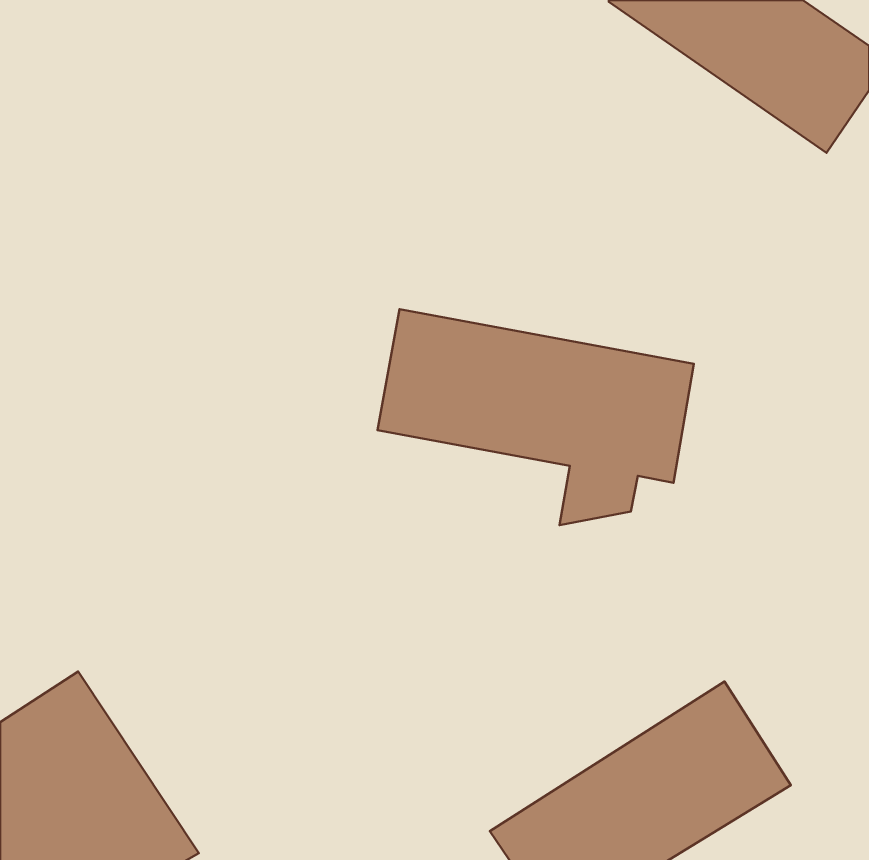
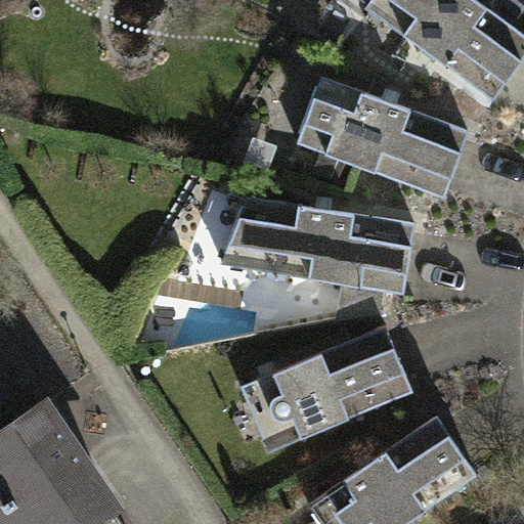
building: none -> [297,78,470,199]
building: none -> [242,325,412,455]

